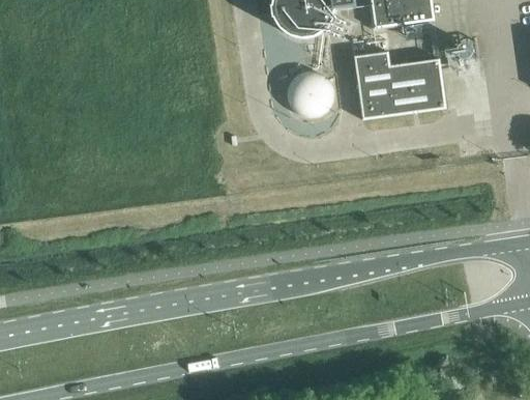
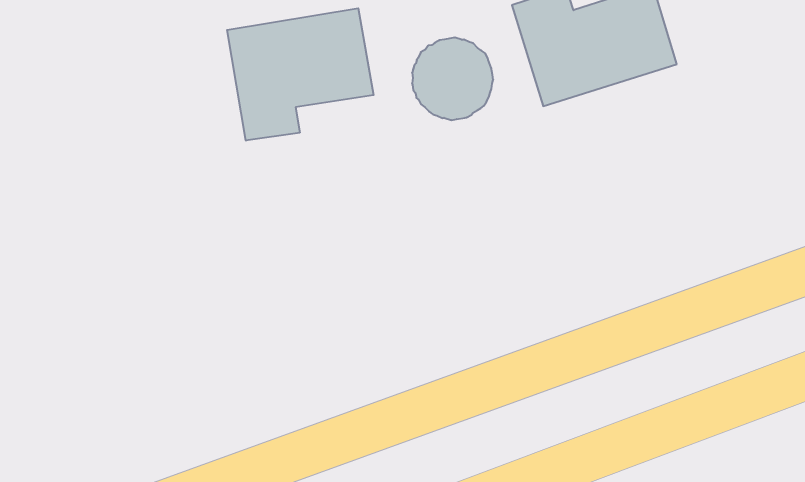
building: none -> [227,8,374,141]

